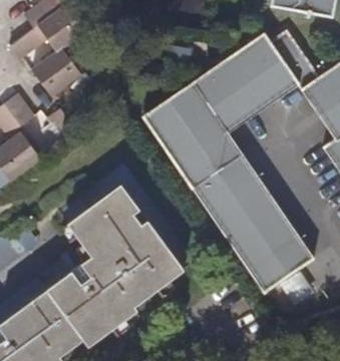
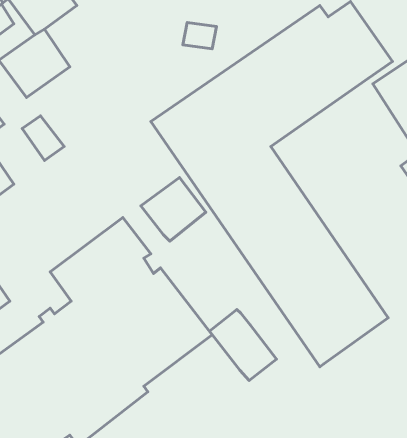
building: none -> [141,177,206,241]
building: none -> [209,310,277,380]

